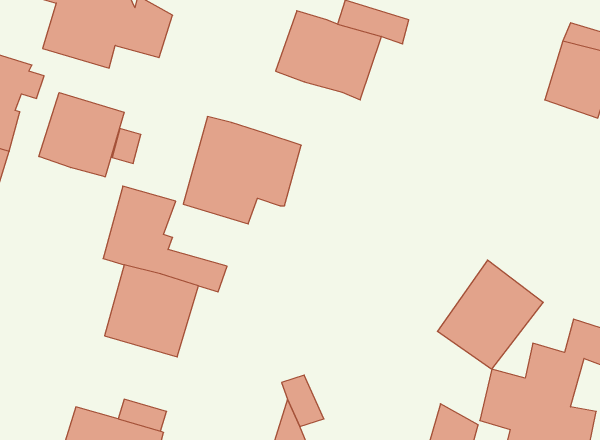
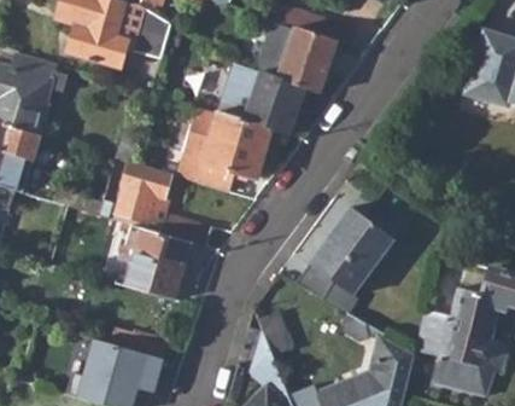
building: none -> [217,63,305,134]
building: [39,93,124,177] -> none
building: [437,260,543,369] -> [310,210,394,297]

